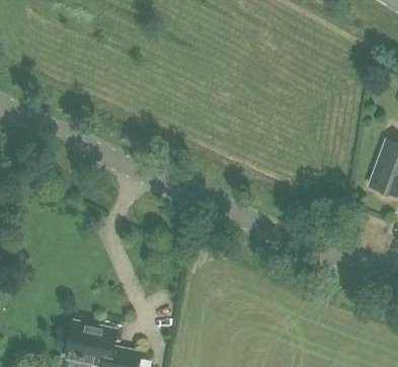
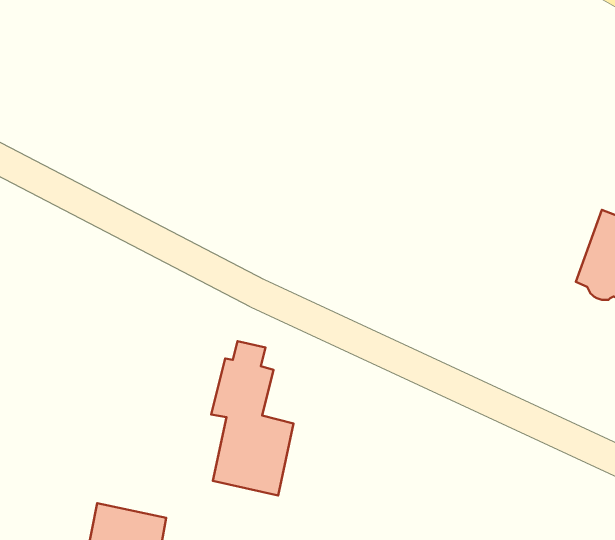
building: none -> [211,341,294,496]

